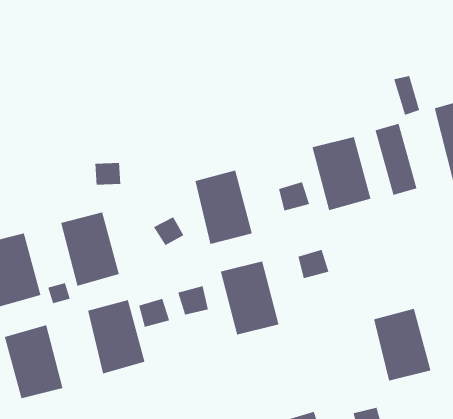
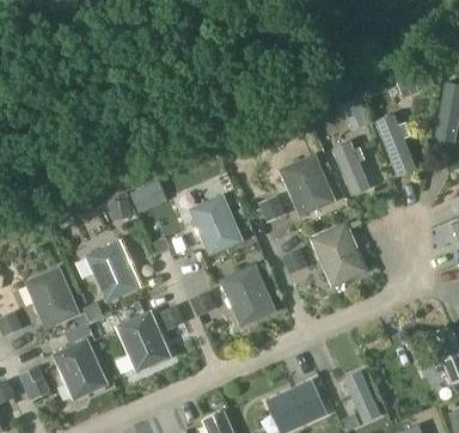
building: none -> [129,181,167,213]
building: [373,308,432,381] -> [313,222,366,285]

